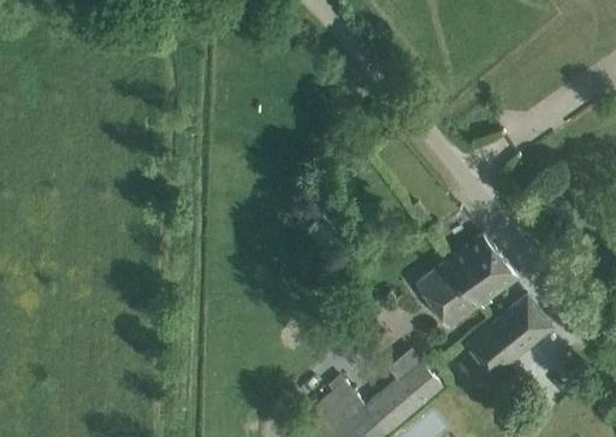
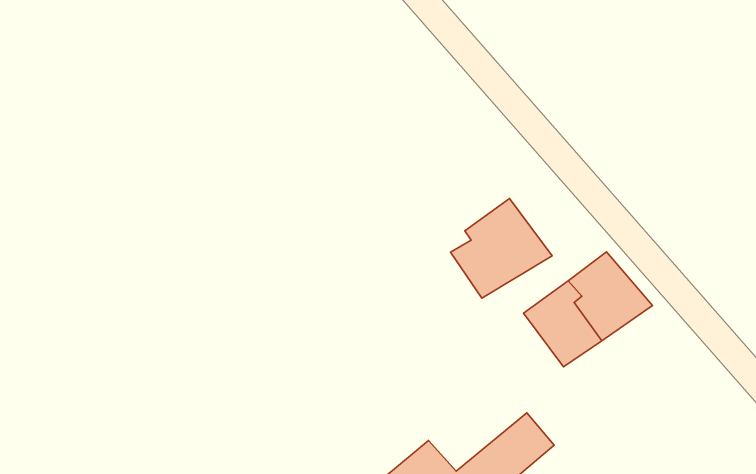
building: none -> [450,199,552,298]
building: [468,295,552,374] -> none

